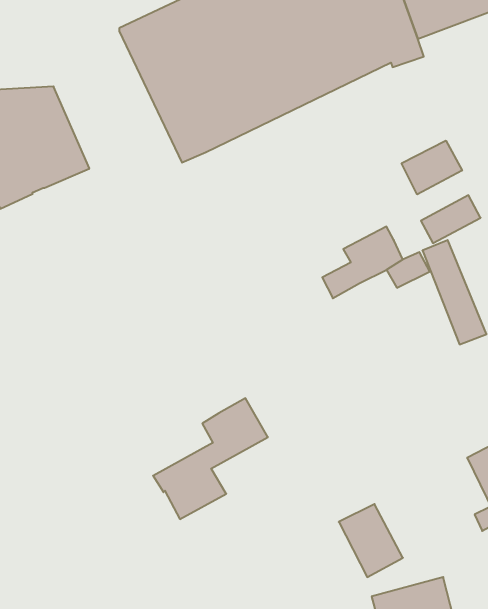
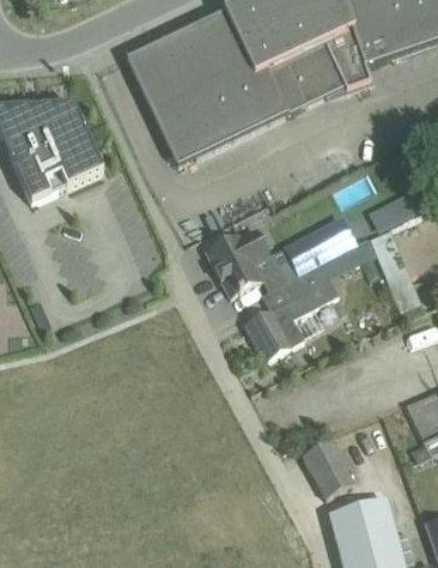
building: [402,141,462,194] -> none
building: none -> [207,226,269,294]
building: [153,398,268,519] -> [245,260,337,357]

